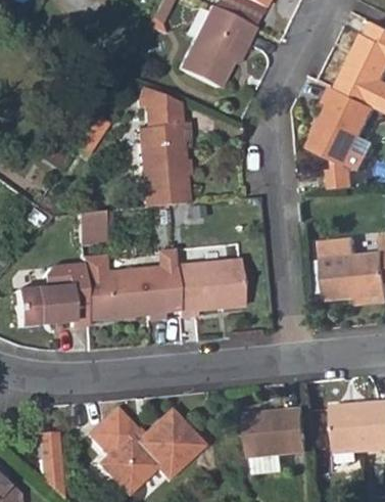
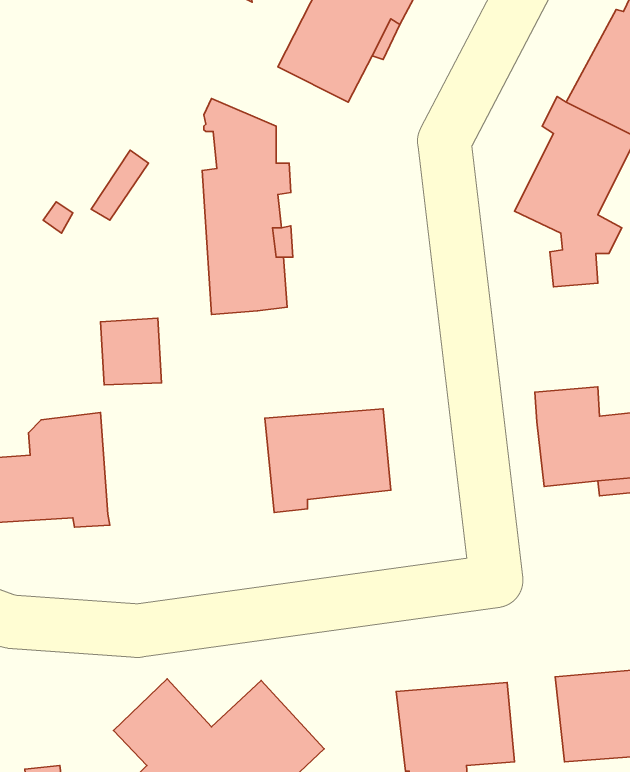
building: [82,252,165,316] -> none

